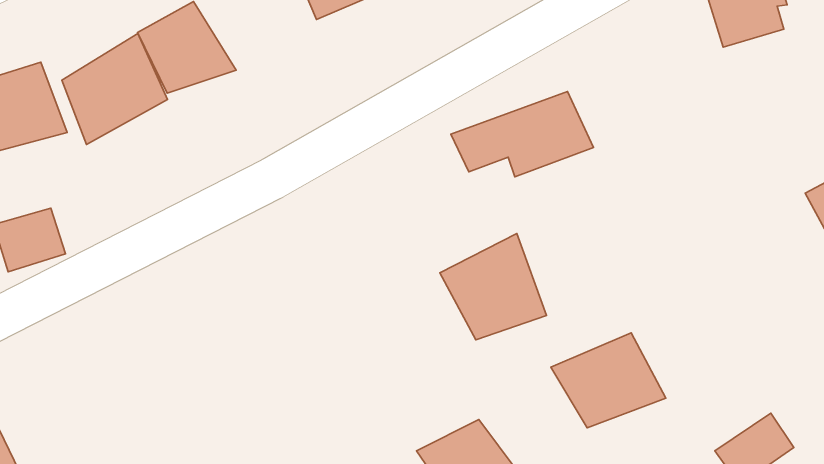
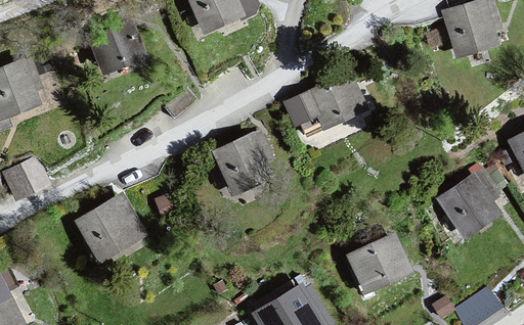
building: [62,34,168,145] -> none
building: [440,233,546,340] -> [213,131,279,197]
building: none -> [435,177,503,237]
building: none -> [77,194,148,259]

